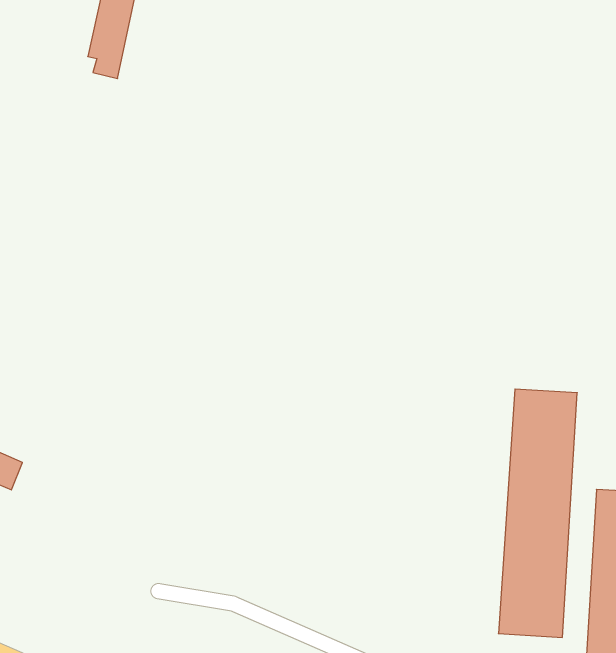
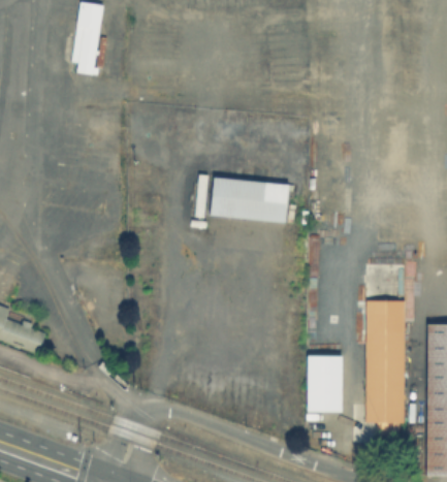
building: none -> [209,178,286,220]
building: none -> [306,355,340,411]

